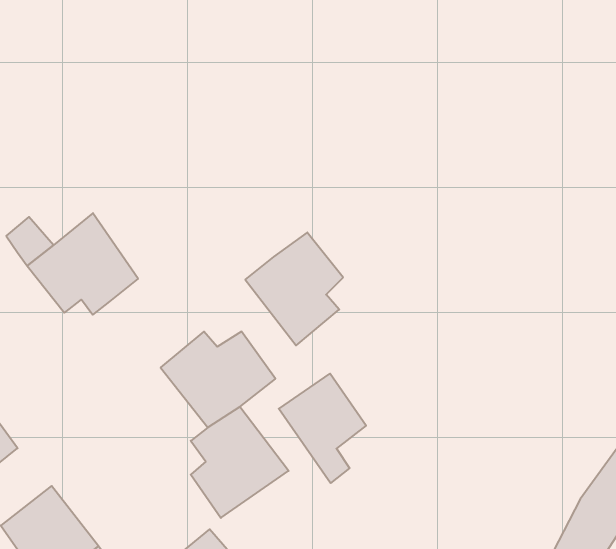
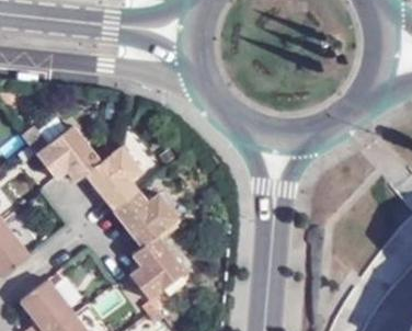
building: [245,232,343,345] -> [88,151,145,217]
building: [279,374,366,483] -> none

